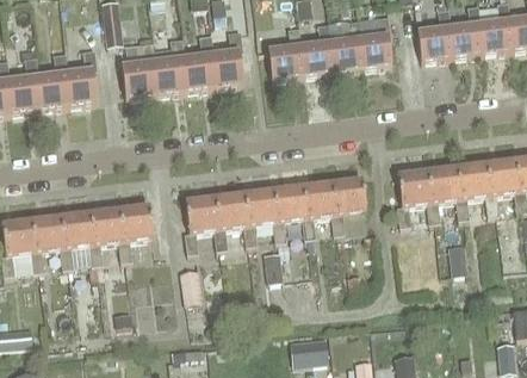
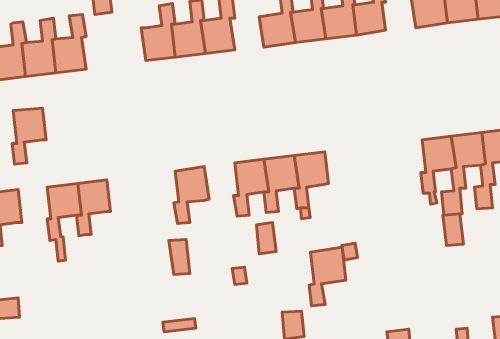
building: [120,39,156,97] -> none
building: [396,169,430,225] -> none
building: [330,176,366,234] -> [309,247,346,306]
building: [213,192,247,248] -> none
building: [118,205,154,260] -> none
building: [30,216,63,271] -> [12,108,46,164]

